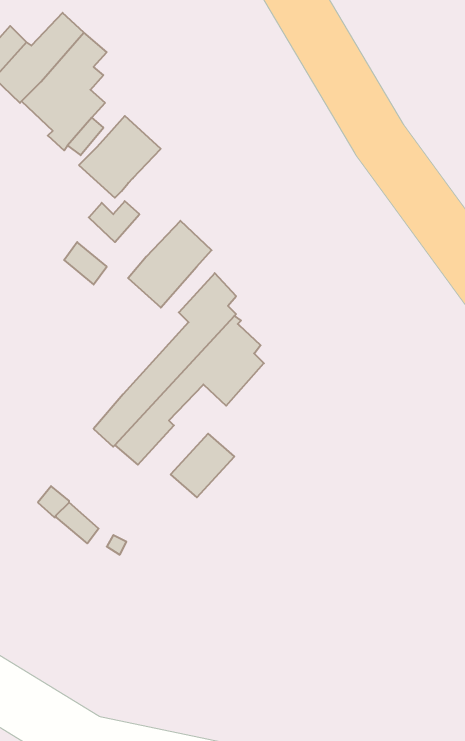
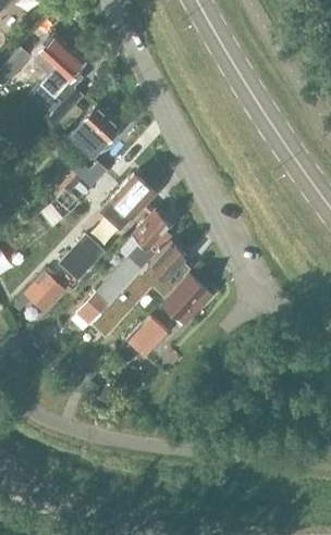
building: none -> [58,233,105,288]
building: none -> [160,273,212,325]
building: none -> [23,275,64,313]

